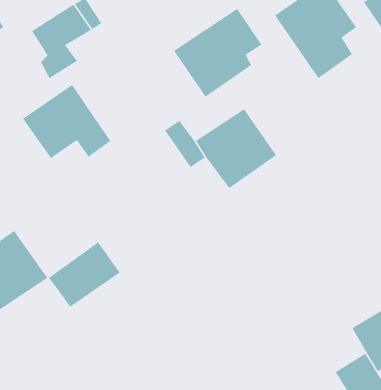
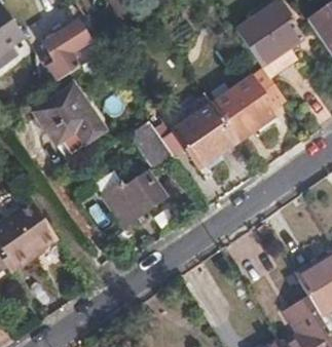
building: [173,8,262,97] -> [213,70,284,141]
building: none -> [131,121,170,163]
building: [48,242,120,308] -> [108,172,165,225]

